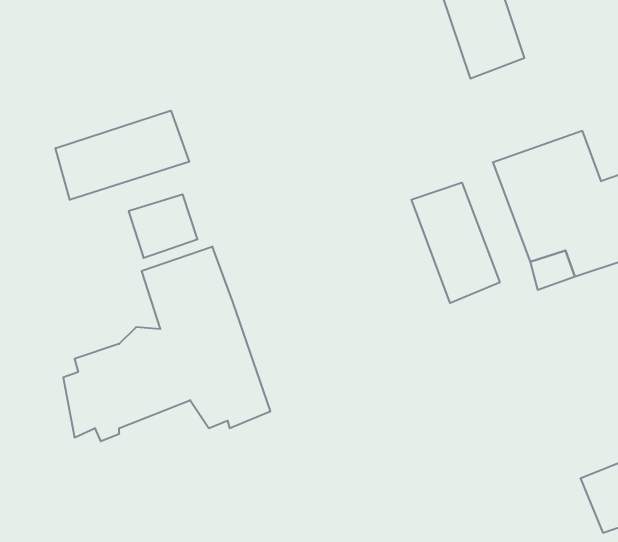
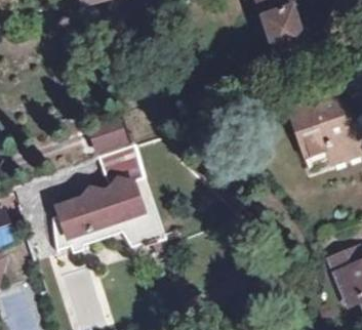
building: [55,111,189,200] -> none
building: [411,183,500,303] -> none

